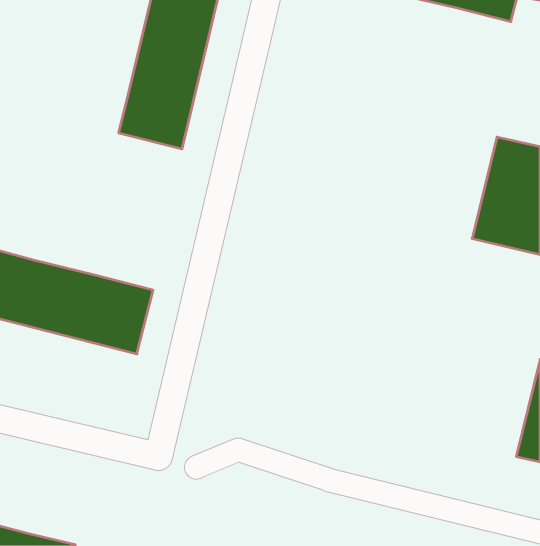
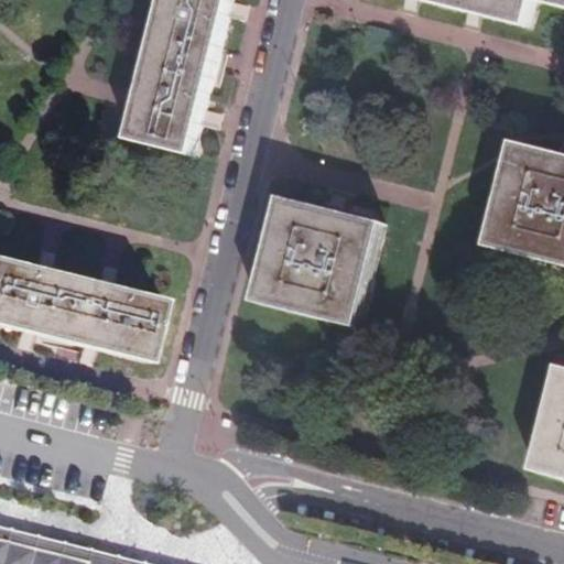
building: none -> [248,194,378,324]

